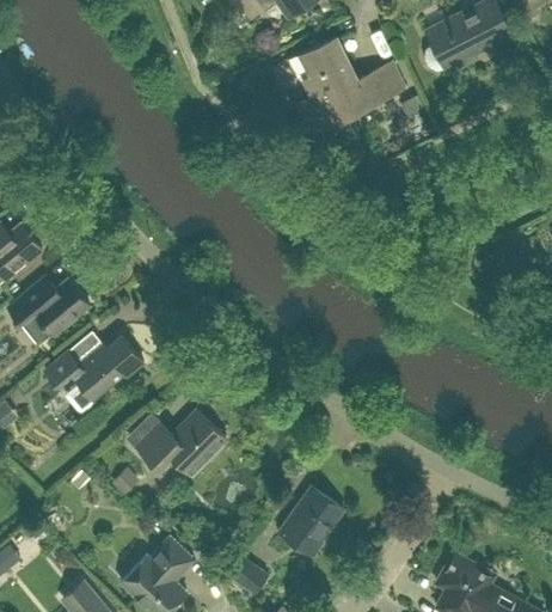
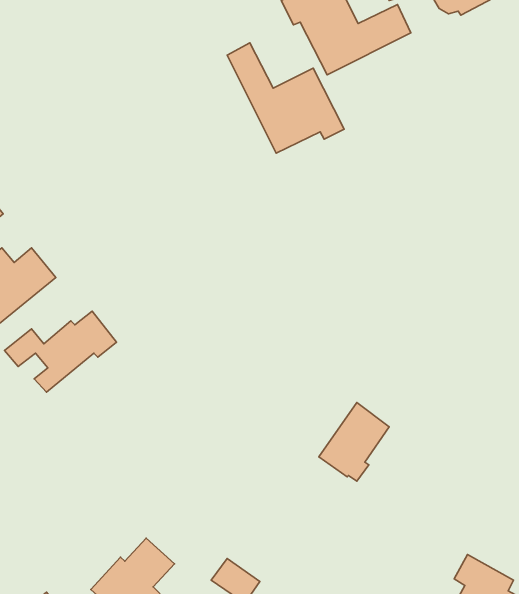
building: none -> [227,43,344,153]
building: [139,410,227,473] -> none
building: [281,485,343,555] -> [319,403,389,481]

